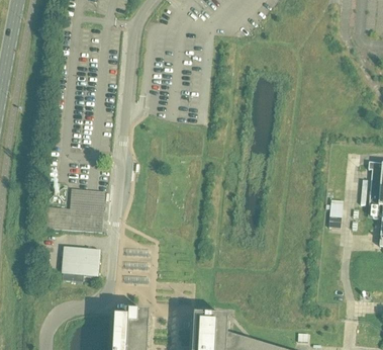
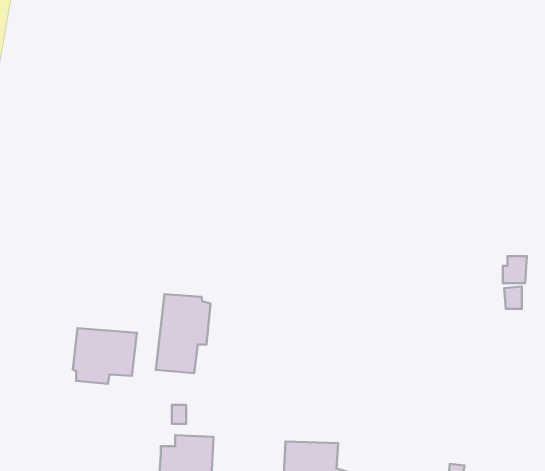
building: none -> [156,294,211,373]

